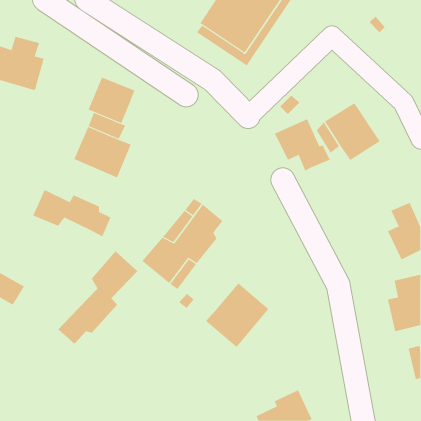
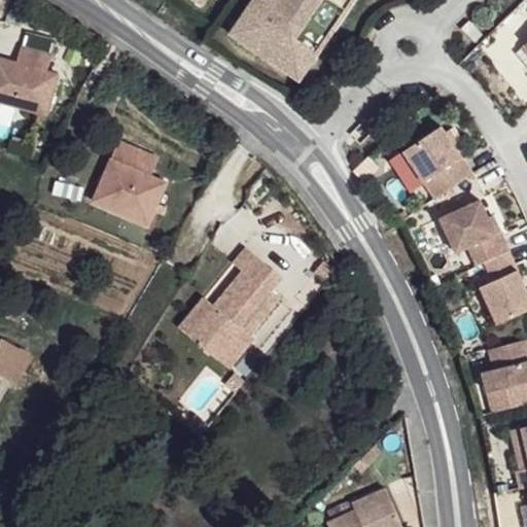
building: [88,77,135,124] -> none
building: [274,119,331,171] -> [441,201,511,267]
building: [32,189,111,237] -> none
building: [57,250,138,345] -> none
building: [205,283,269,348] -> none

